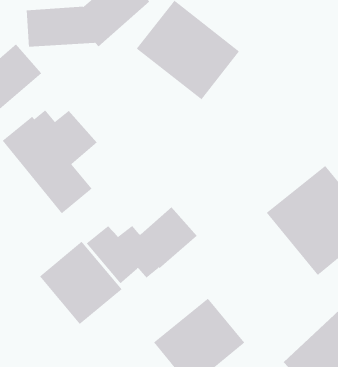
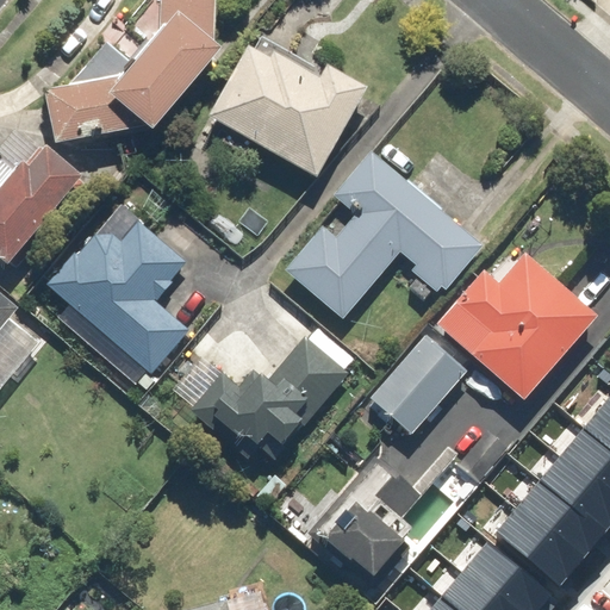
building: none -> [286,149,484,316]
building: none -> [373,337,466,432]
building: [39,241,122,325] -> none

